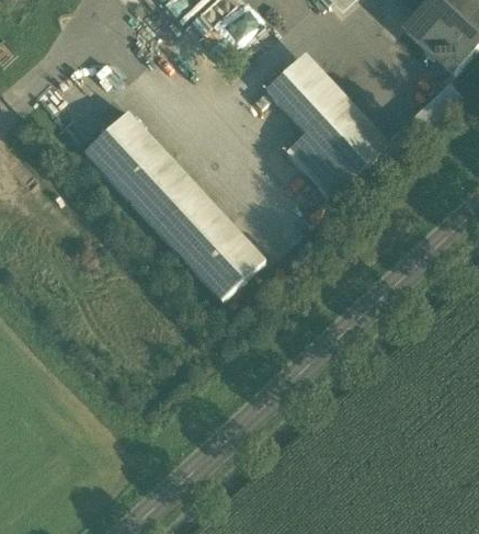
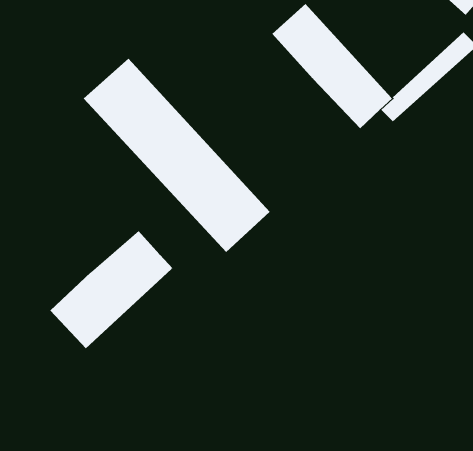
building: [286,129,352,196] -> none
building: none -> [50,230,173,349]

